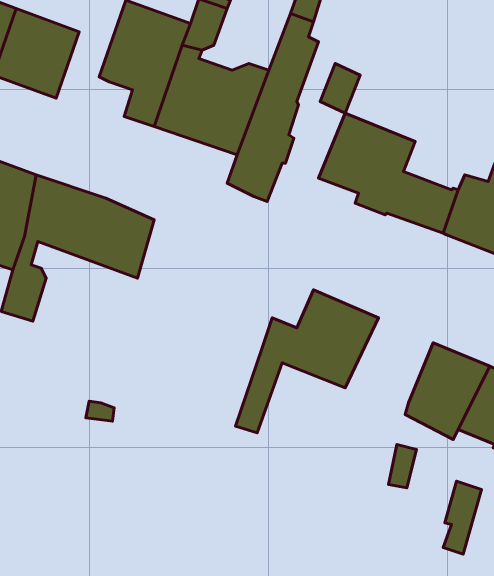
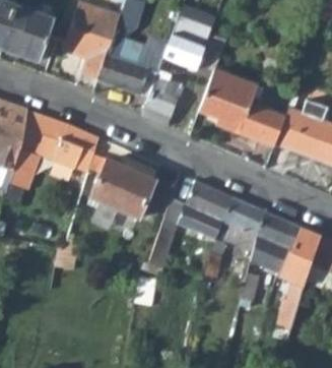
building: none -> [90,160,173,218]
building: none -> [206,197,269,278]

